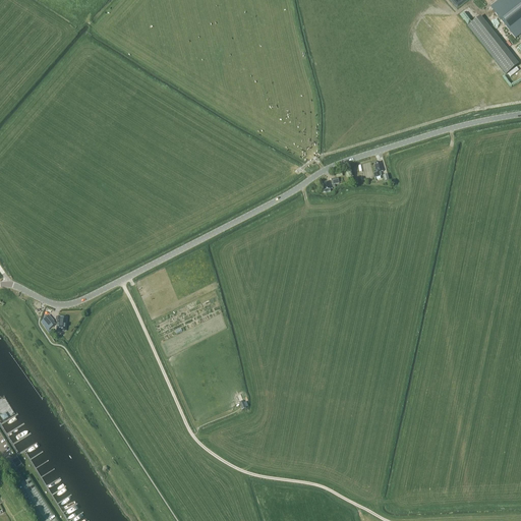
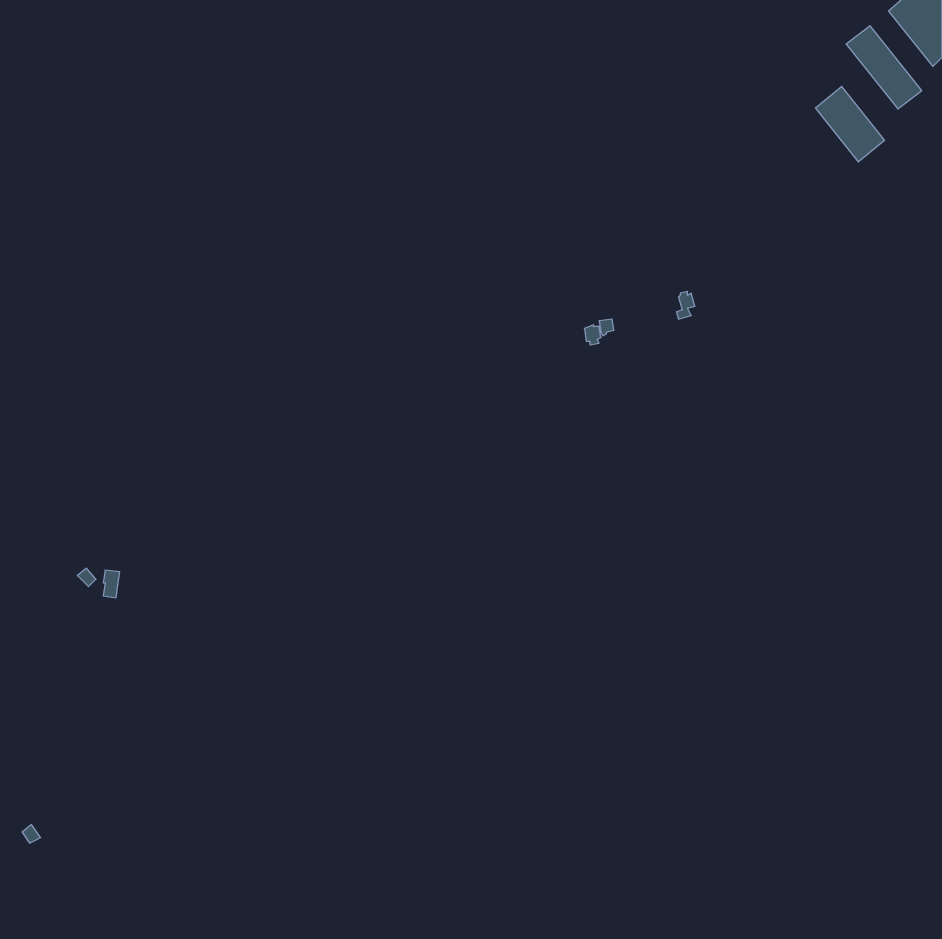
building: none -> [815,86,885,162]

